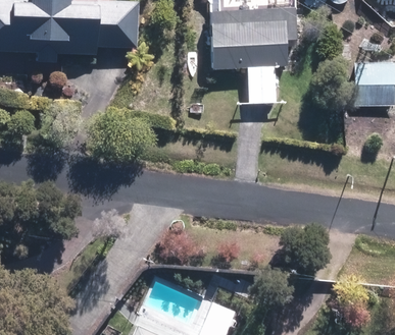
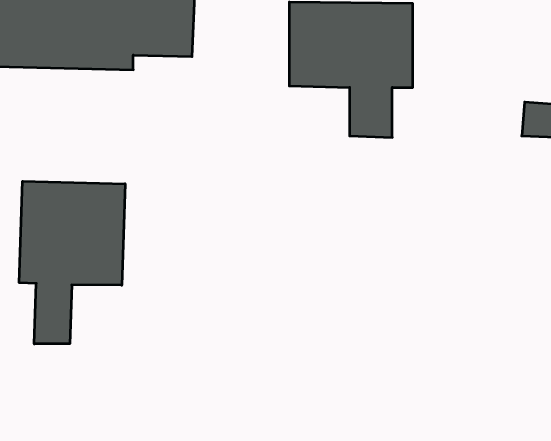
building: none -> [19,181,125,344]

